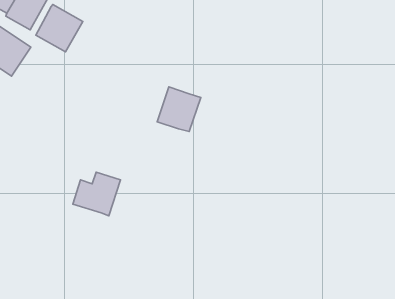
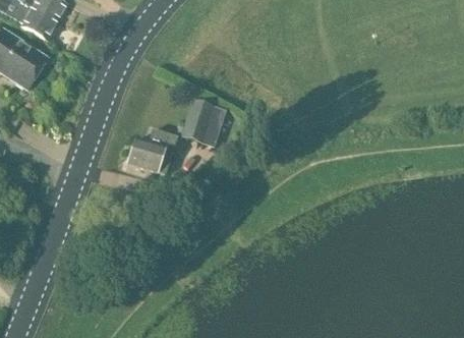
building: [36,5,83,52] -> none
building: [73,172,120,216] -> [126,128,176,174]

